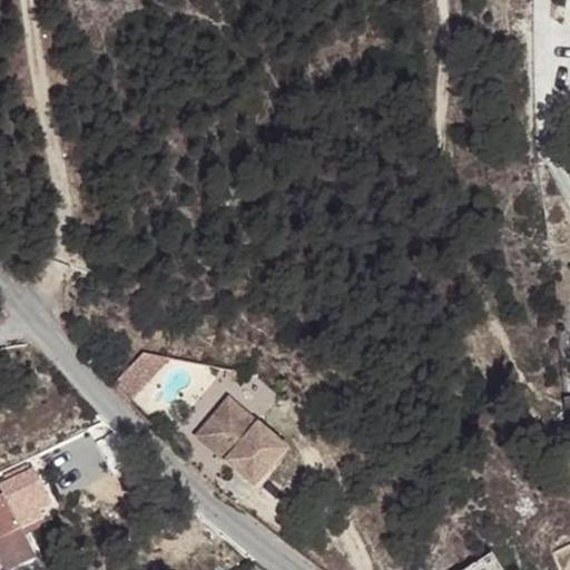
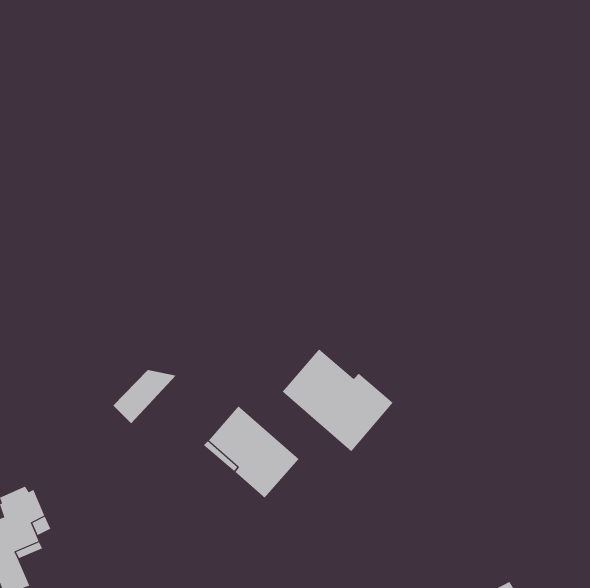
building: none -> [282,349,394,452]

